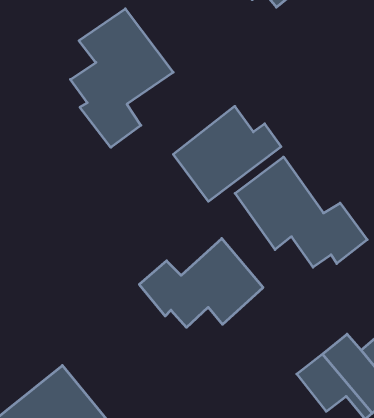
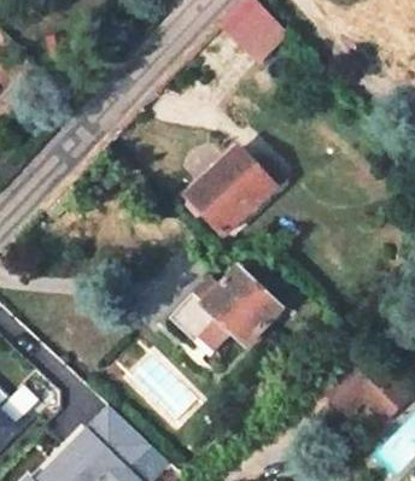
building: [70,9,173,147] -> none
building: [235,157,367,267] -> none

